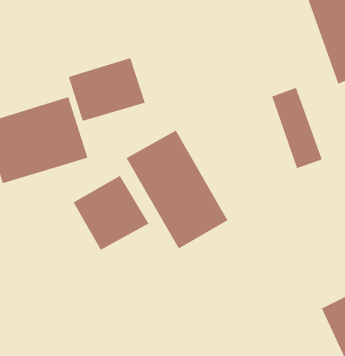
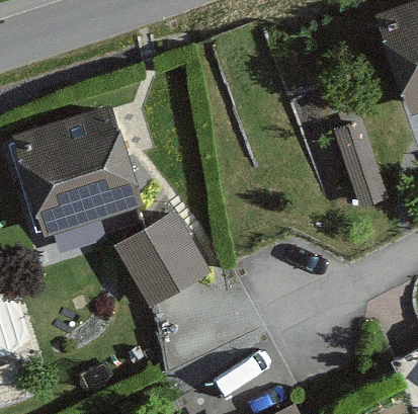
building: [68,57,146,122] -> none
building: [126,130,228,250] -> none

